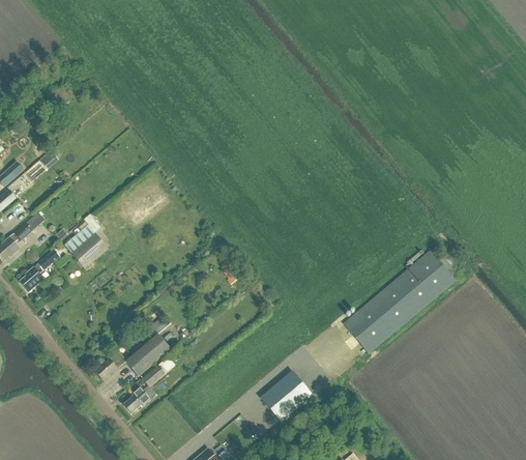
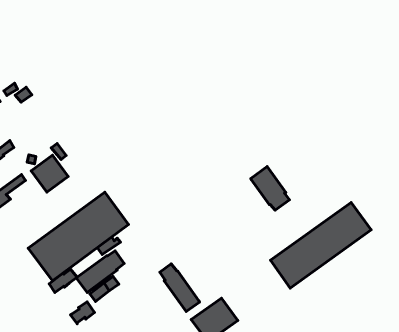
building: none -> [251,167,289,210]
building: none -> [28,192,128,281]
building: none -> [160,264,200,312]

